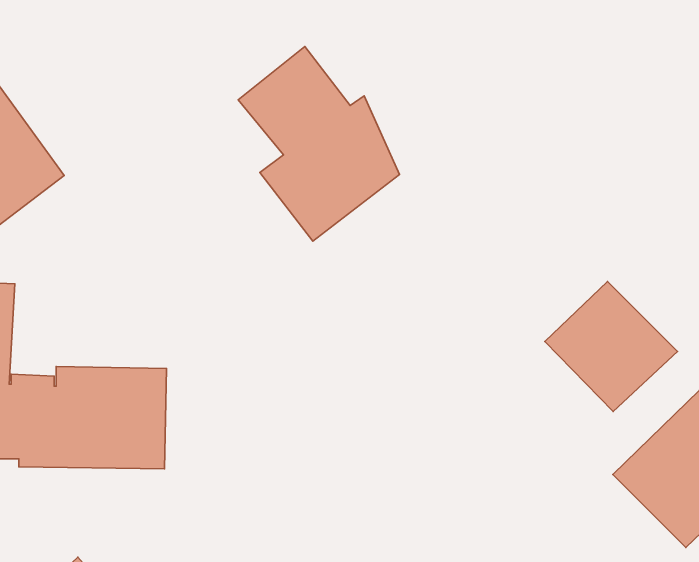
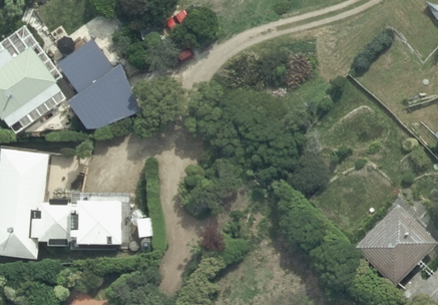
building: [238,47,399,241] -> [58,41,140,140]
building: [545,282,677,411] -> none

